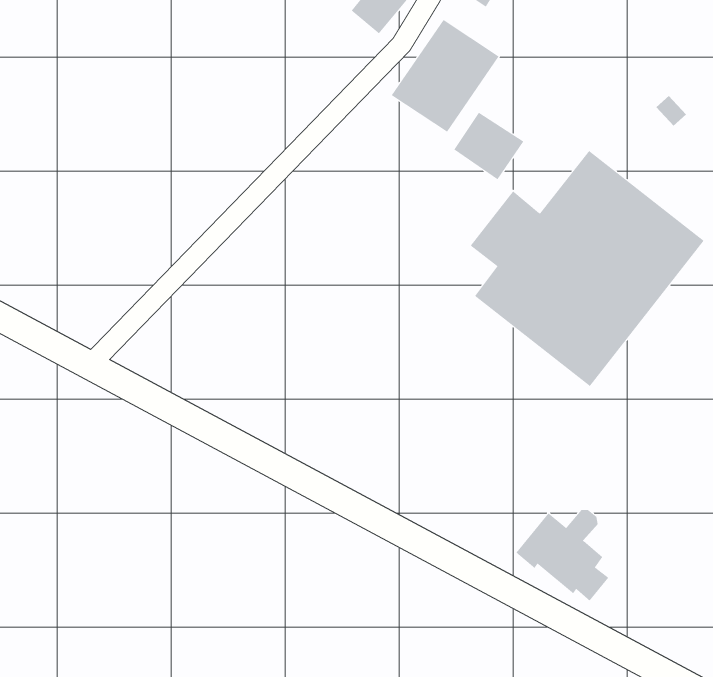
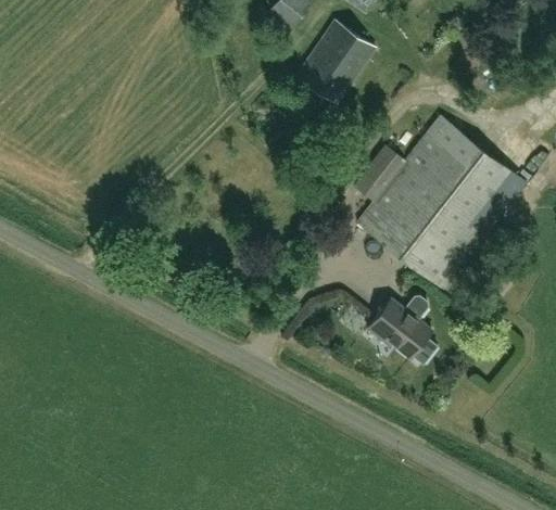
building: [454,112,524,180] -> none
building: [515,509,609,602] -> [366,295,434,362]

